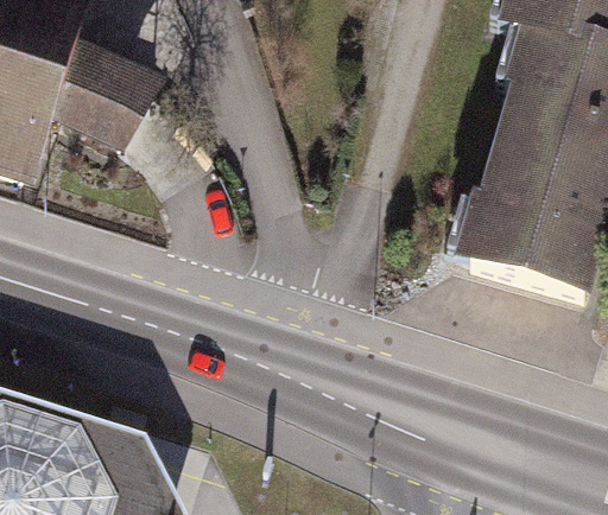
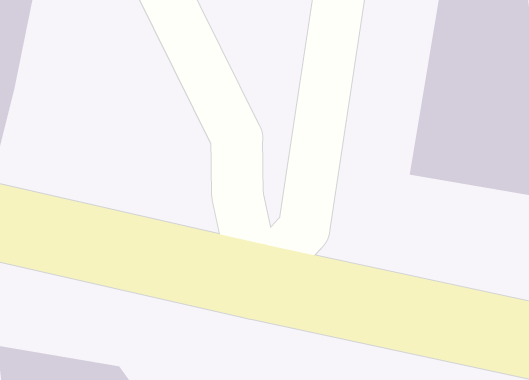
building: [51,36,173,151] -> none

